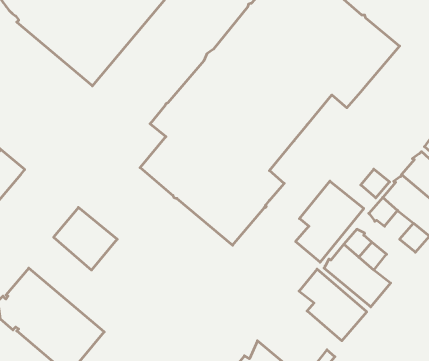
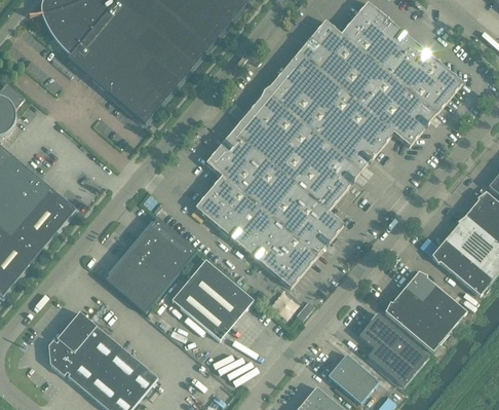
building: [361,169,390,198] -> [448,252,477,282]
building: none -> [131,218,197,282]
building: [296,181,364,262] -> none
building: none -> [171,260,254,340]
building: none -> [436,297,466,327]
building: none -> [328,353,379,403]

